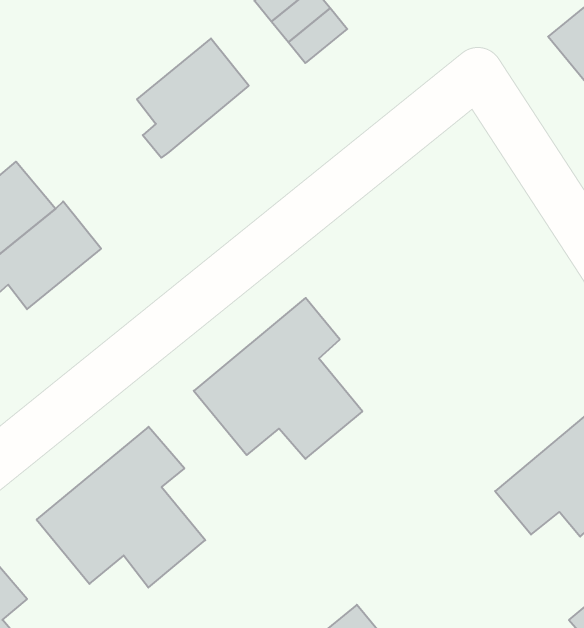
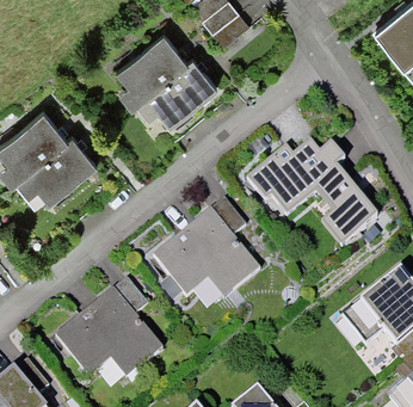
building: none -> [137,56,216,124]
building: none -> [248,137,376,243]

